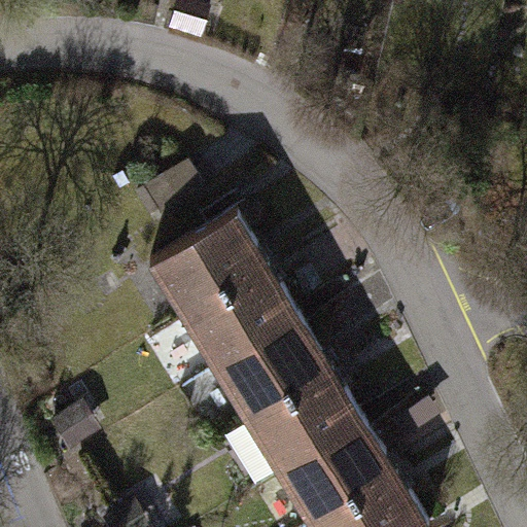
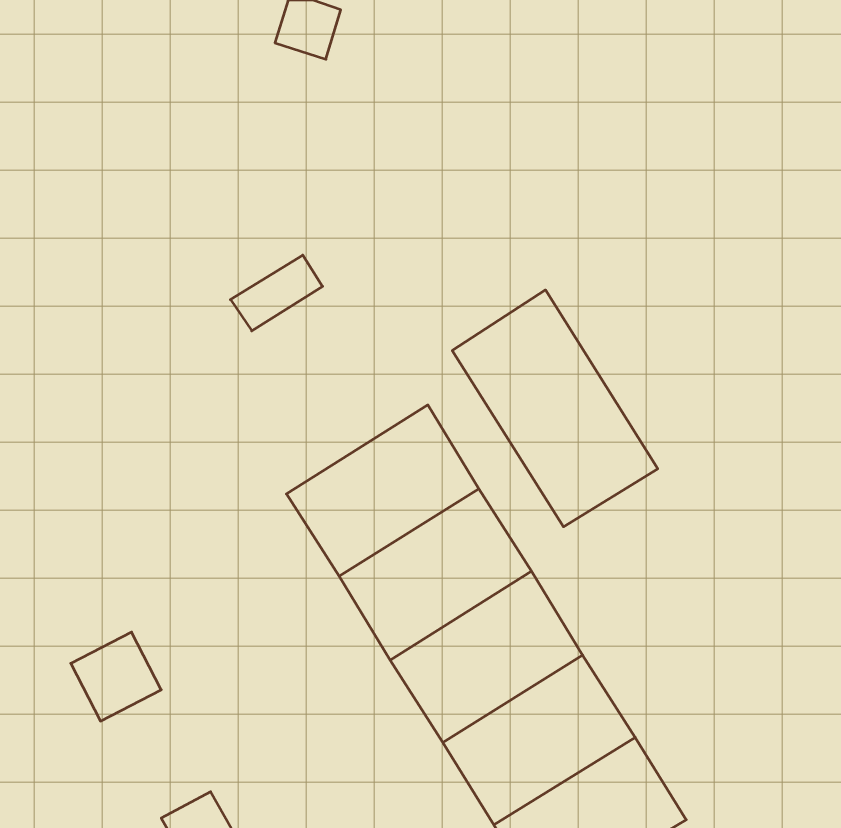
building: none -> [452,290,658,527]
building: [146,210,268,317] -> none

